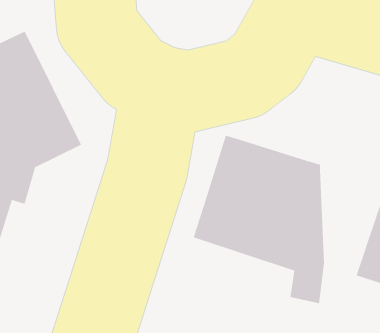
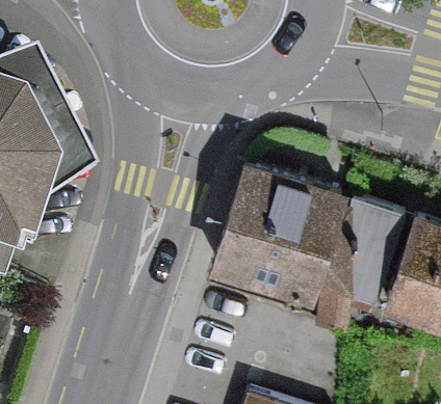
building: none -> [348,196,405,303]

